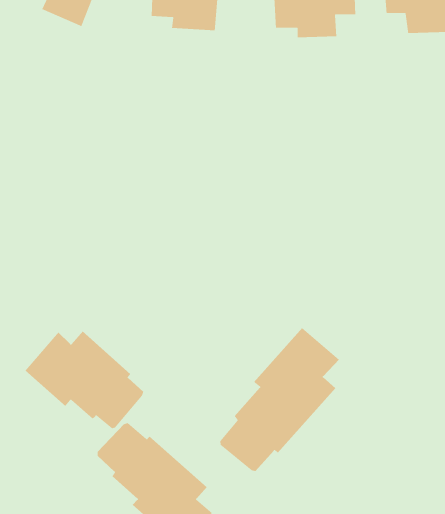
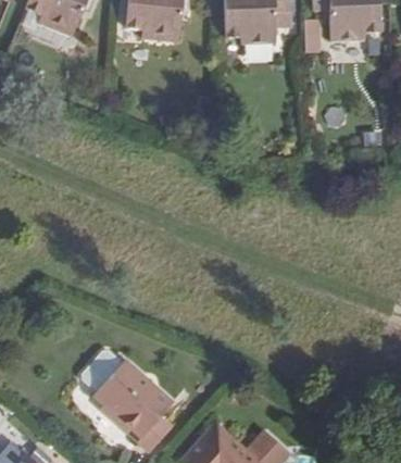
building: [219,327,340,472] -> none
building: [25,331,144,429] -> none

